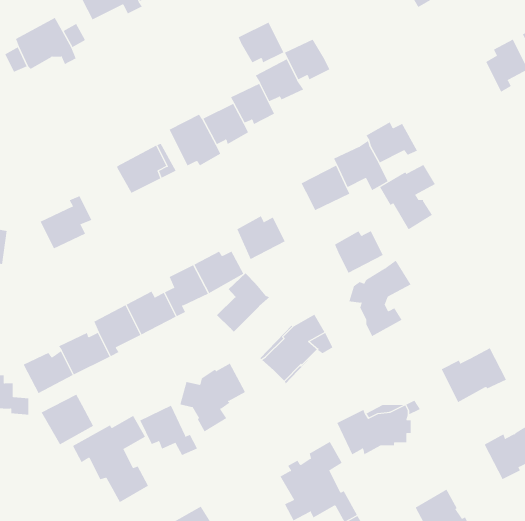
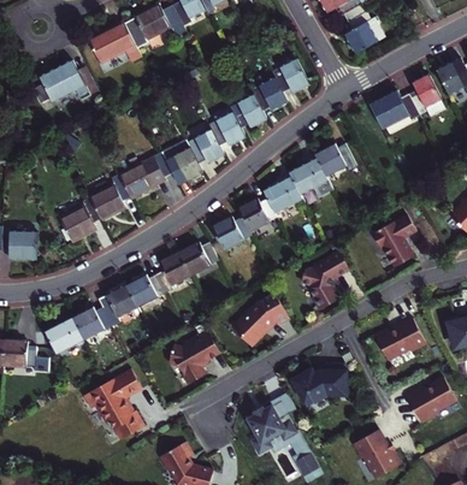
building: [238,22,284,63] -> [271,59,307,91]
building: none -> [370,93,420,132]
building: [379,164,436,230] -> [372,217,416,268]
building: none -> [89,178,130,220]
building: [334,231,383,274] -> [238,197,277,231]
building: [216,272,270,332] -> none
building: [41,394,94,445] -> none
building: [140,405,198,456] -> none

